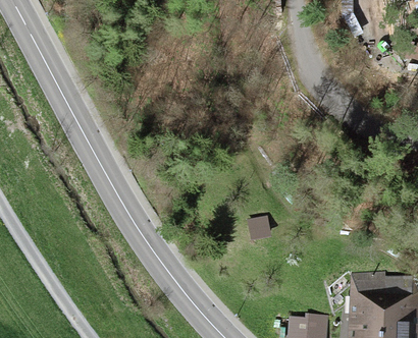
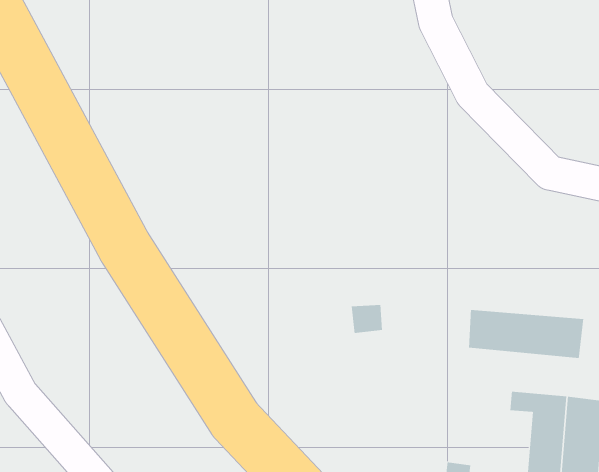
building: none -> [469,309,584,359]

